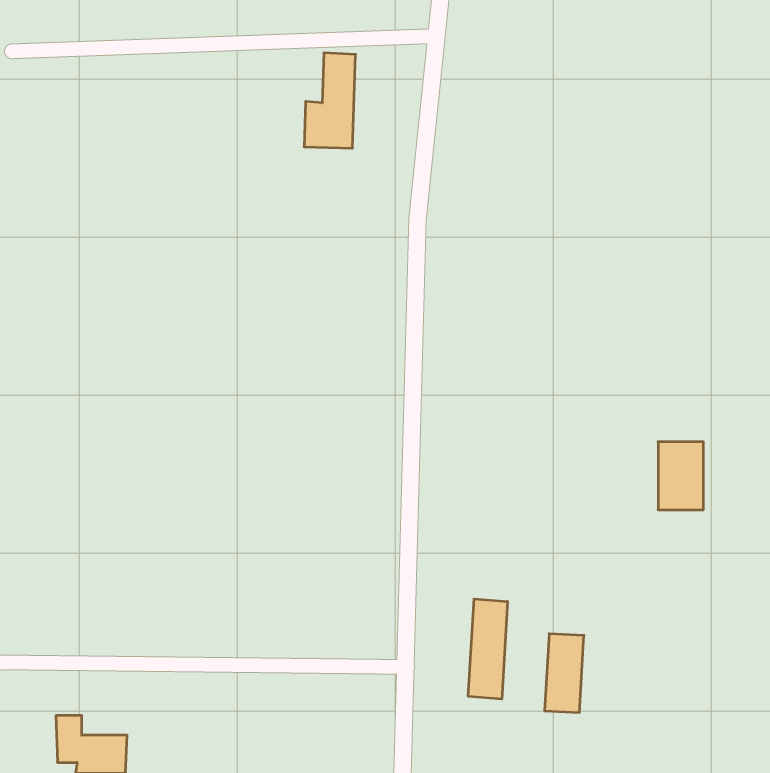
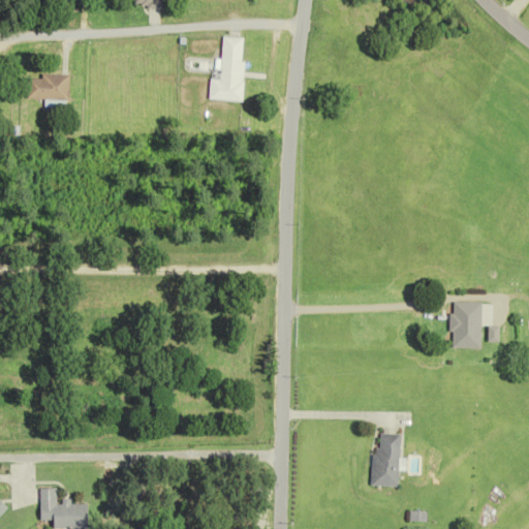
building: none -> [29,74,69,100]
building: [468,599,507,699] -> none

